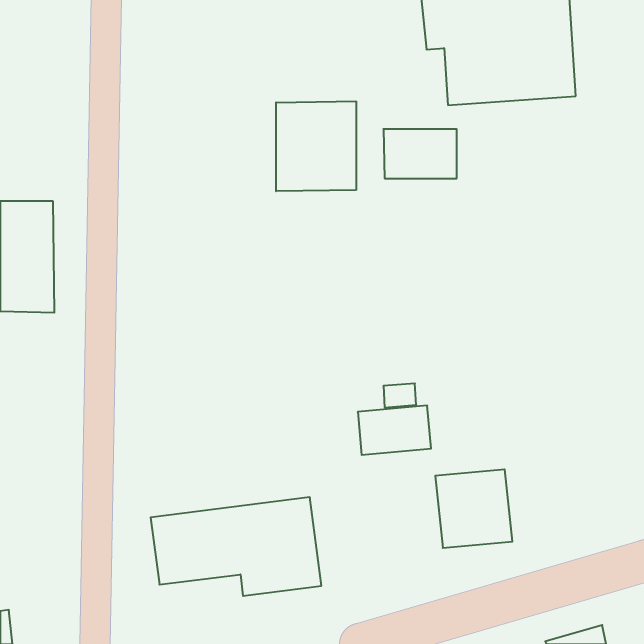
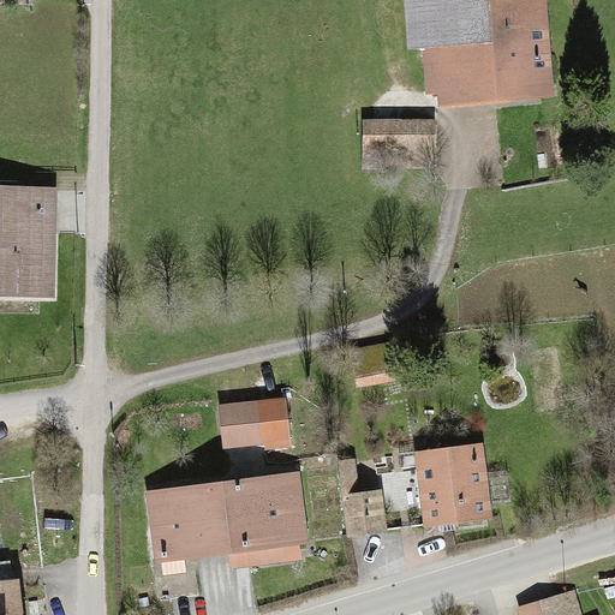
building: [276,101,356,191] -> none
building: [358,406,431,455] -> [217,401,287,448]
building: none -> [347,491,383,532]

